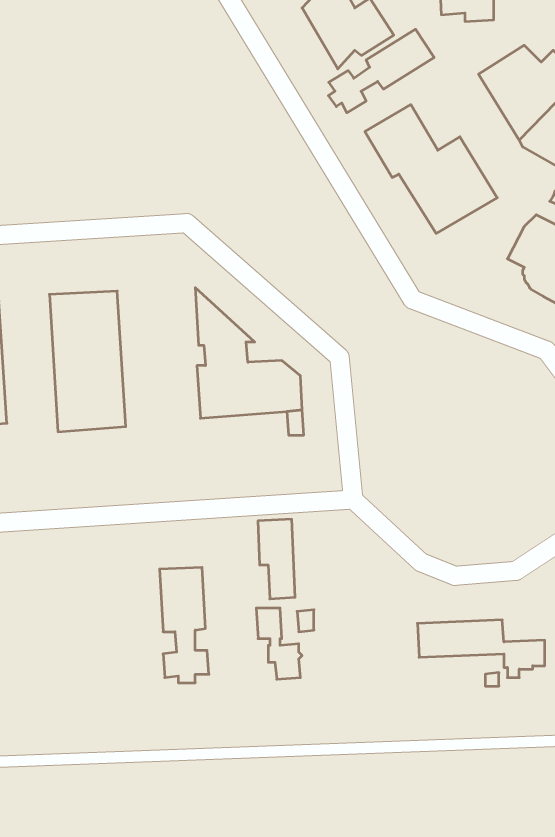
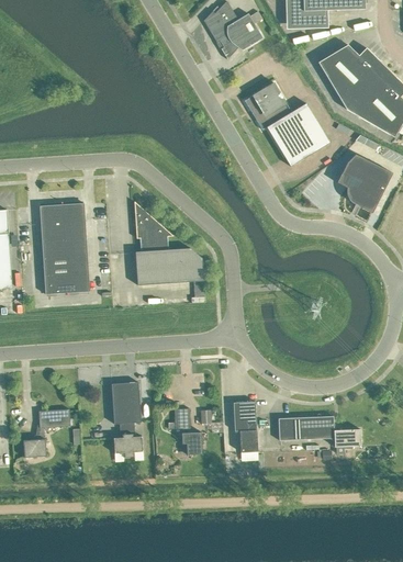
building: [328,29,434,113] -> none
building: [258,519,295,599] -> [233,401,257,452]
building: none -> [23,408,70,457]

